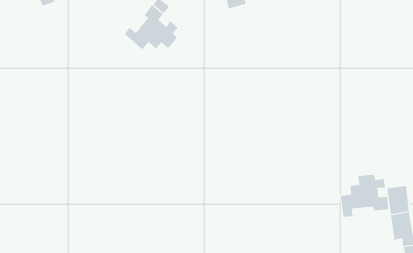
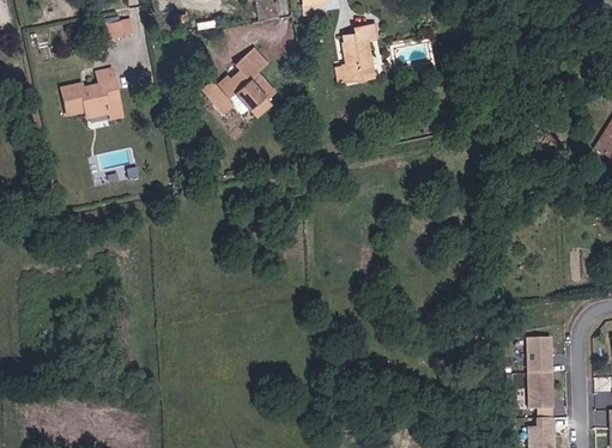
building: none -> [63,71,122,122]
building: [340,174,389,217] -> none

